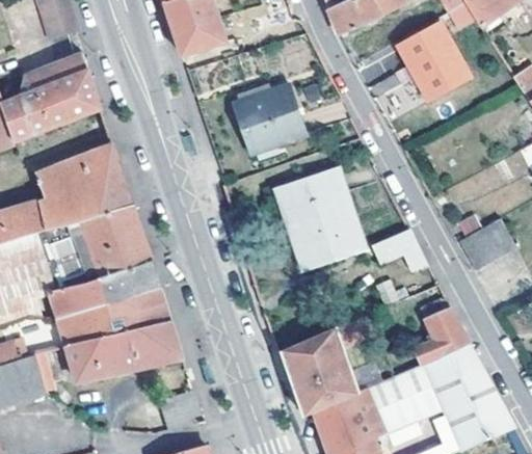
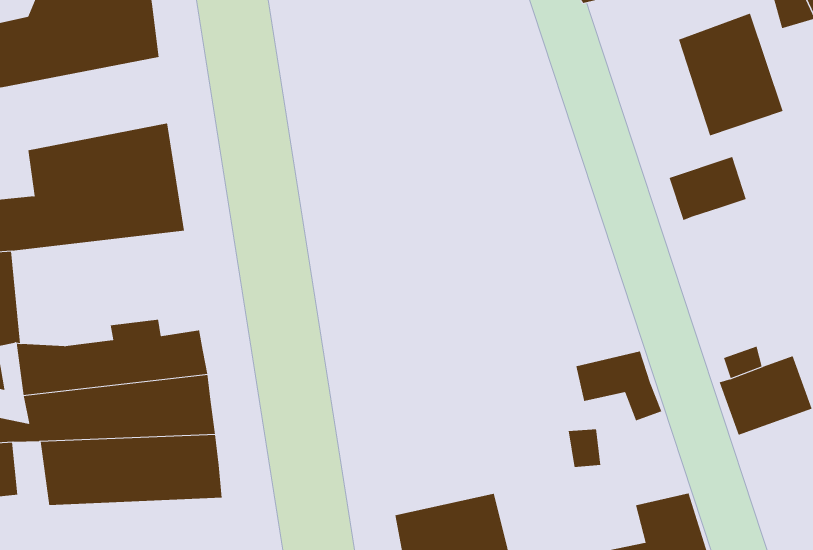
building: [233,83,305,154] -> none
building: none -> [669,156,747,221]
building: [285,172,361,259] -> none
building: [32,206,150,288] -> none

